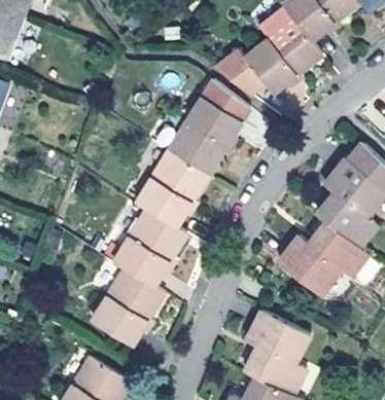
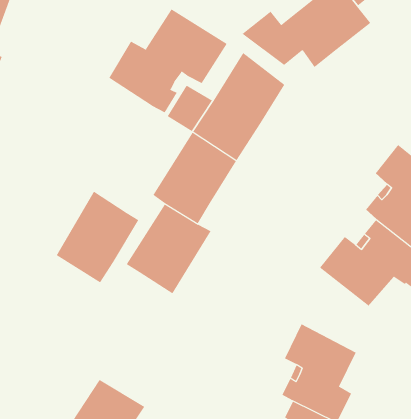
building: none -> [109,8,228,113]
building: [93,266,164,344] -> [56,191,139,283]

